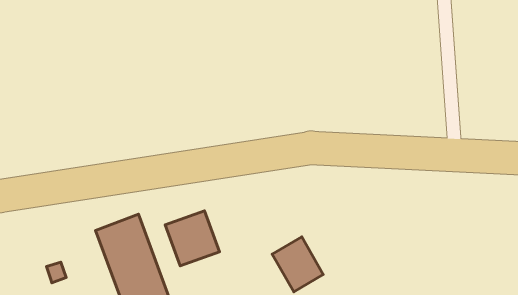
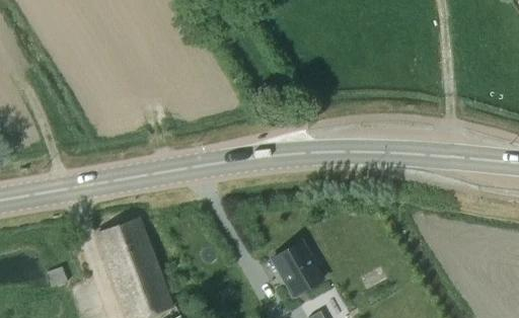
building: [165,211,219,266] -> none

